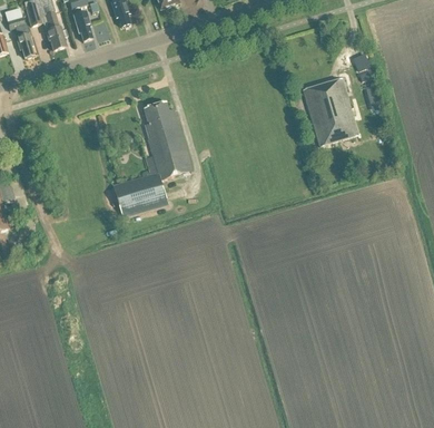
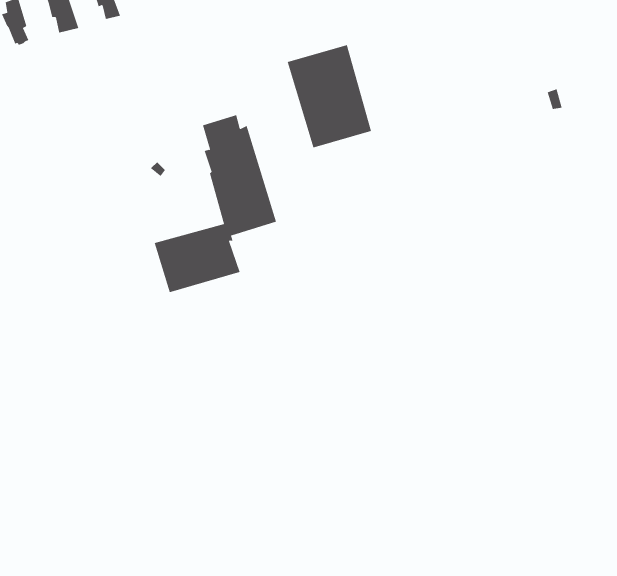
building: [303,78,357,145] -> [287,44,372,148]

